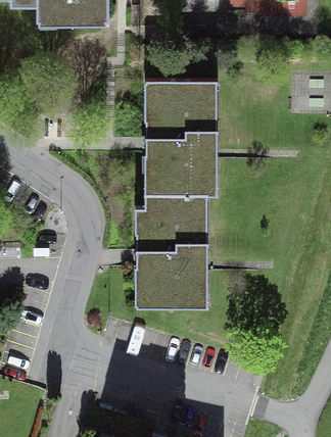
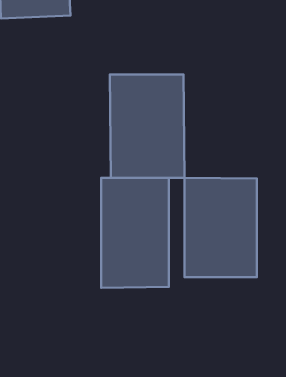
building: none -> [185,178,257,277]

